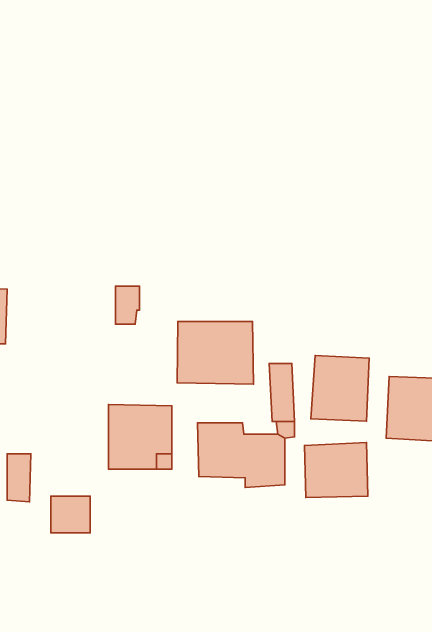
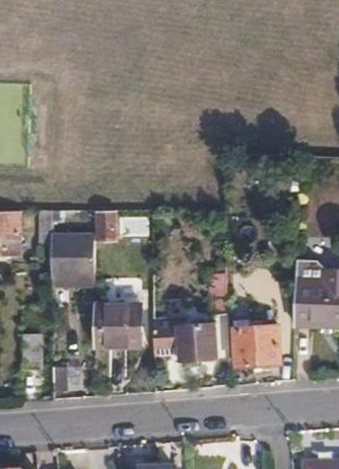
building: none -> [52,236,94,280]
building: [177,322,253,384] -> none
building: [311,356,369,421] -> none

